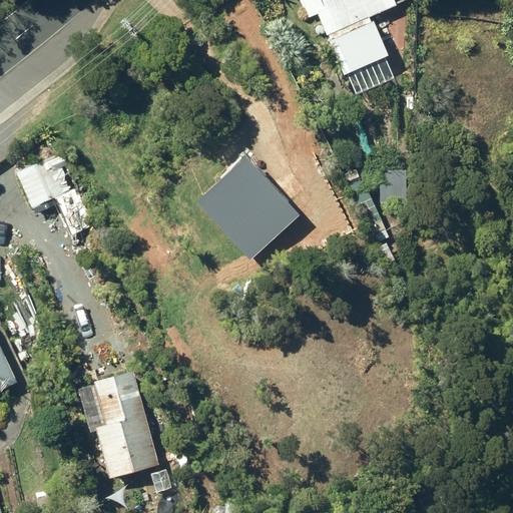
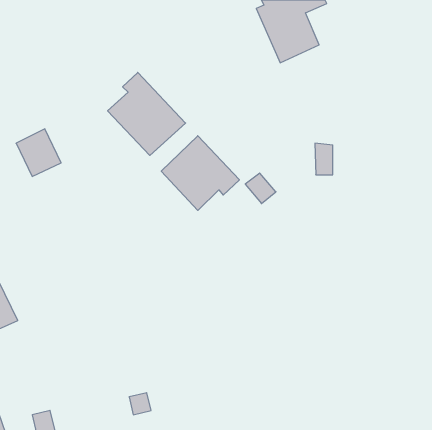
building: none -> [108,72,186,155]
building: [98,370,158,476] -> none

